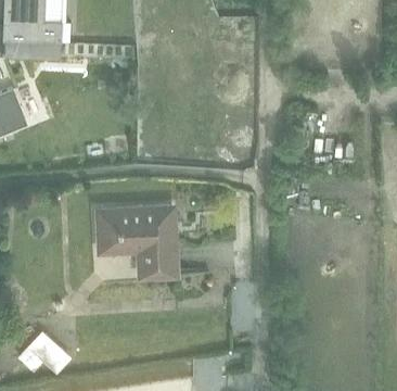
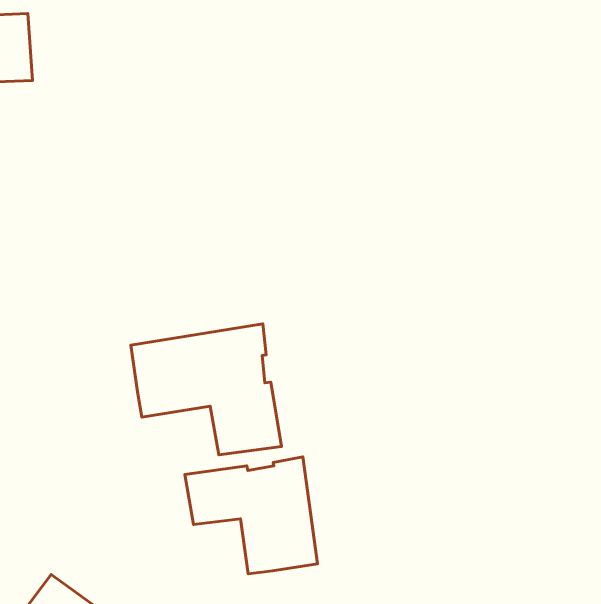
building: none -> [185,457,318,574]

